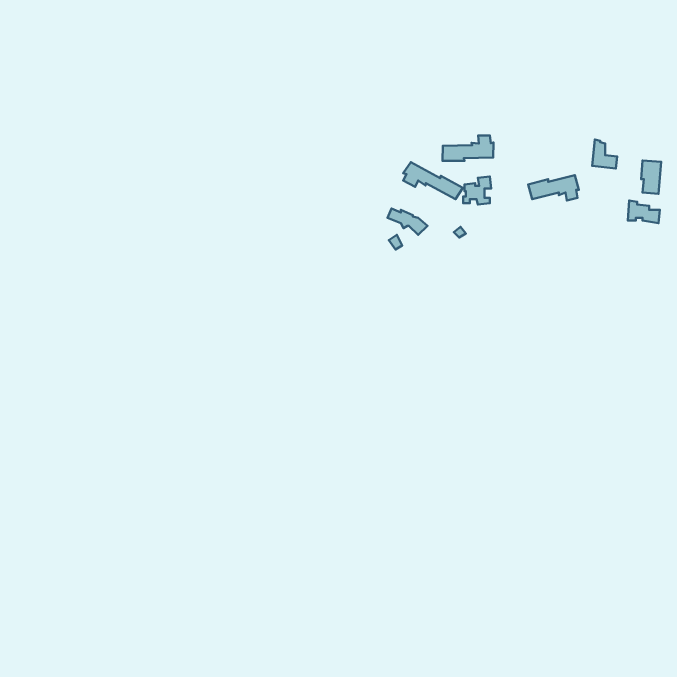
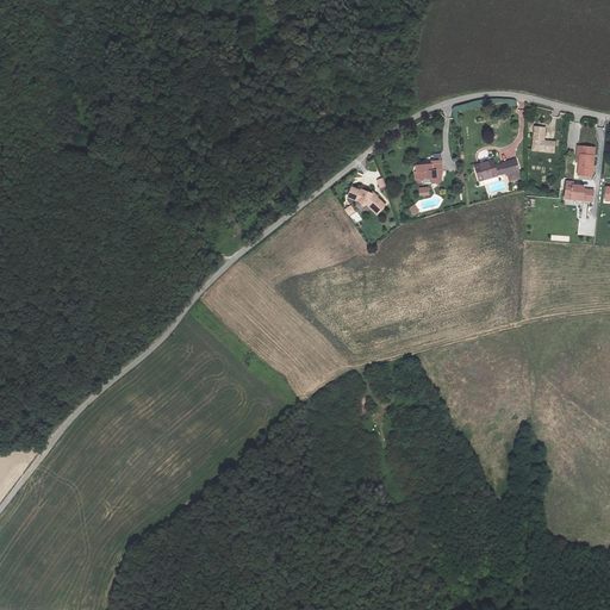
building: [442,135,494,161] -> none
building: [403,162,463,199] -> none

